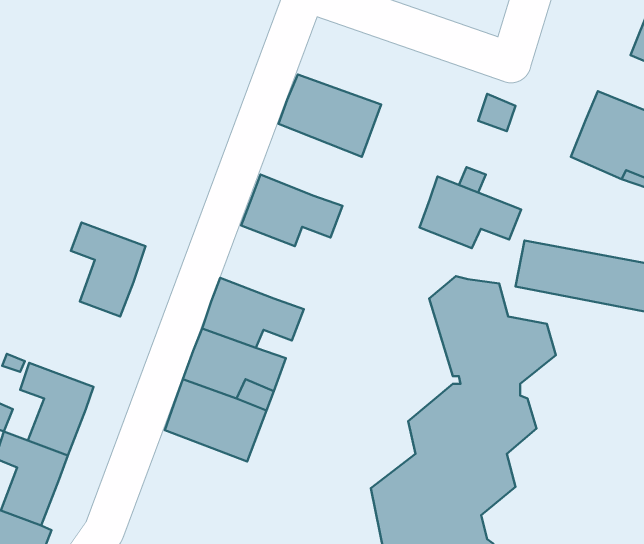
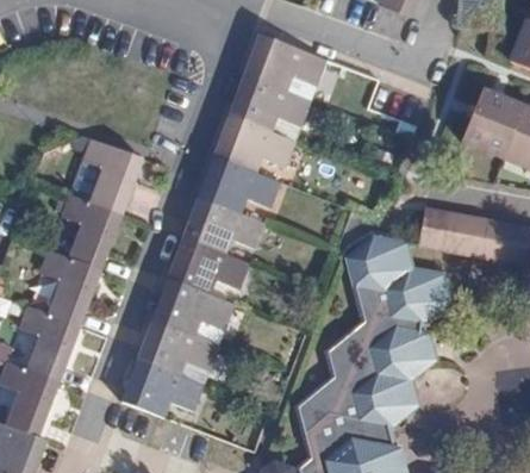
building: none -> [243,35,324,92]
building: none -> [70,139,143,213]
building: [420,177,521,248] -> [213,116,294,173]
building: none -> [181,197,263,255]
building: none -> [42,250,101,325]
building: none -> [121,360,202,417]

